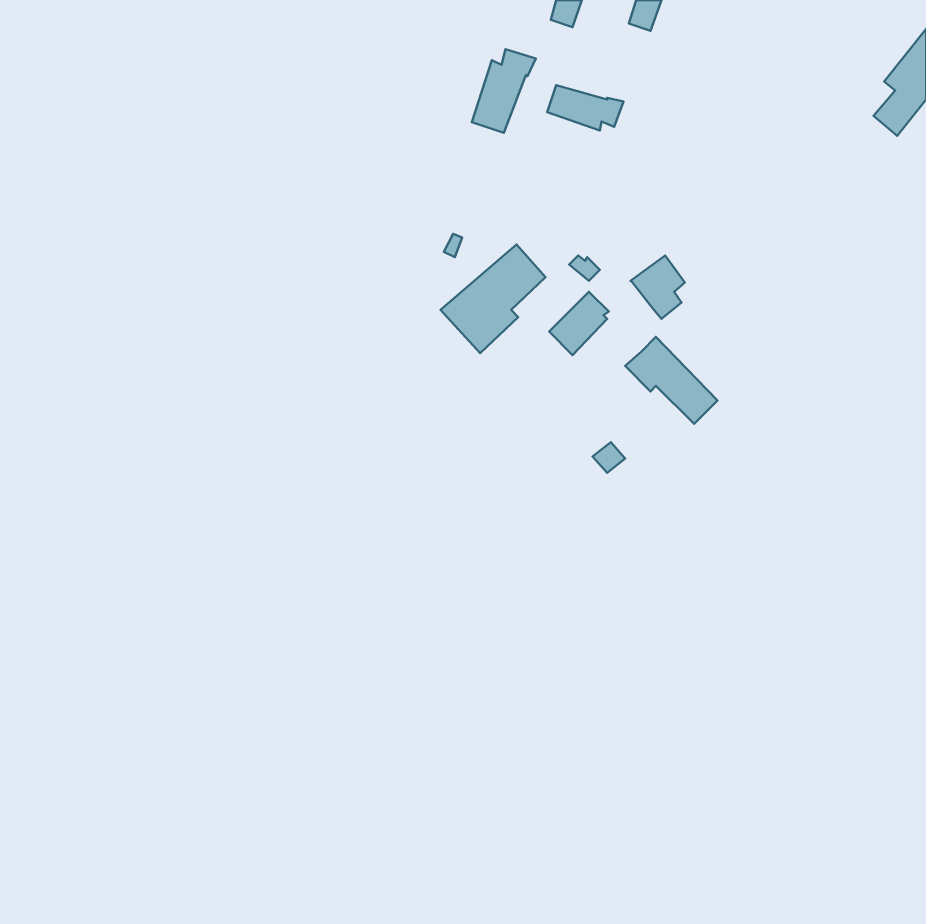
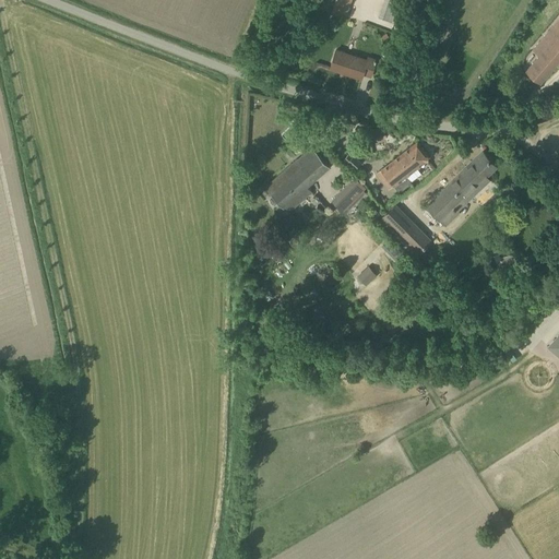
building: [472,49,536,133] -> none
building: none -> [401,142,428,171]
building: none -> [425,153,497,225]

